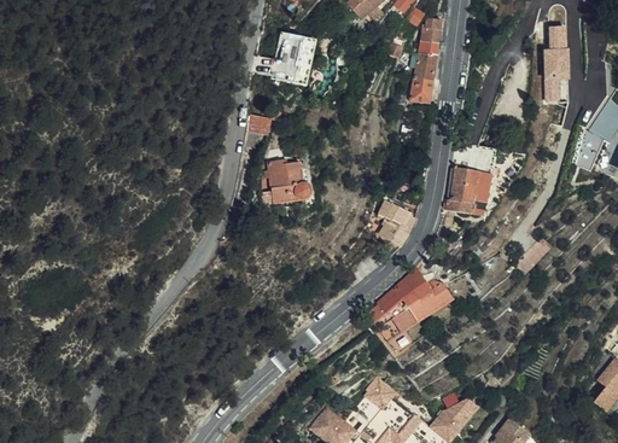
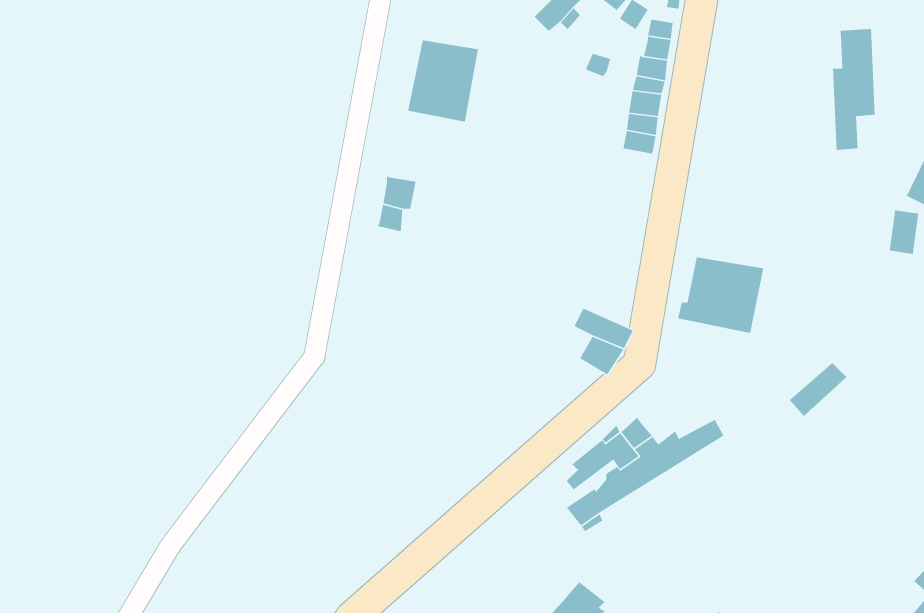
building: [268,159,309,203] -> none

